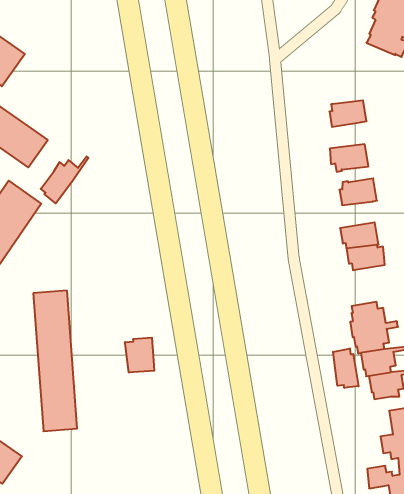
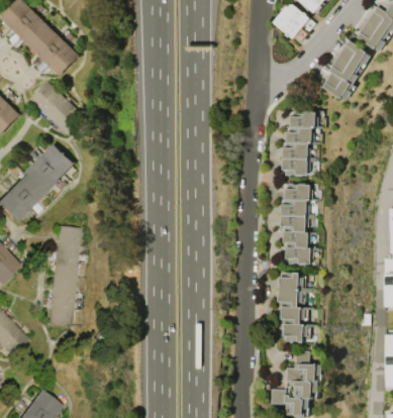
building: none -> [291,111,317,128]
building: none -> [284,143,309,160]
building: [41,156,88,203] -> none
building: none -> [282,200,308,216]
building: none -> [287,247,312,266]
building: [125,338,154,373] -> none
building: [333,348,359,388] -> none

